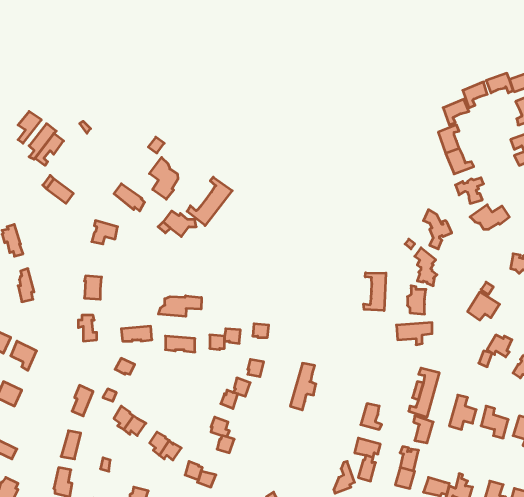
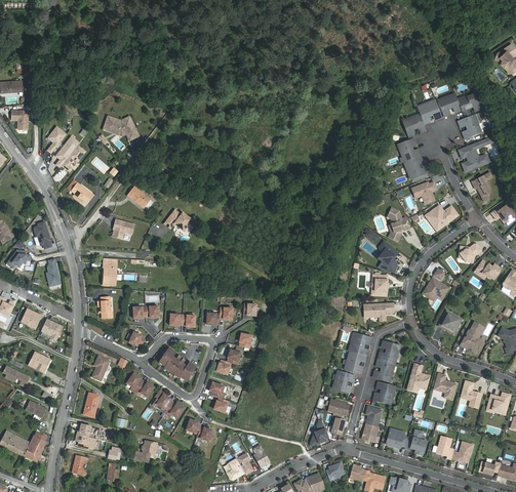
building: none -> [102,117,135,139]
building: [149,157,178,199] -> none
building: [187,177,232,226] -> none
building: [364,273,386,311] -> none
building: [158,296,201,316] -> none
building: [290,363,316,410] -> [346,333,367,372]
building: none -> [159,347,196,380]

